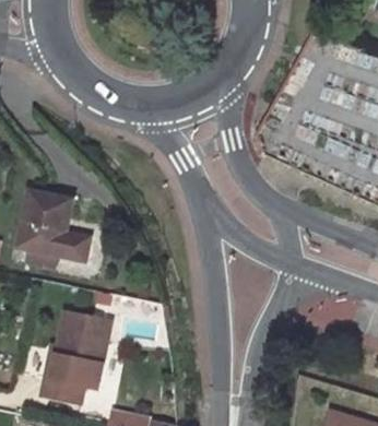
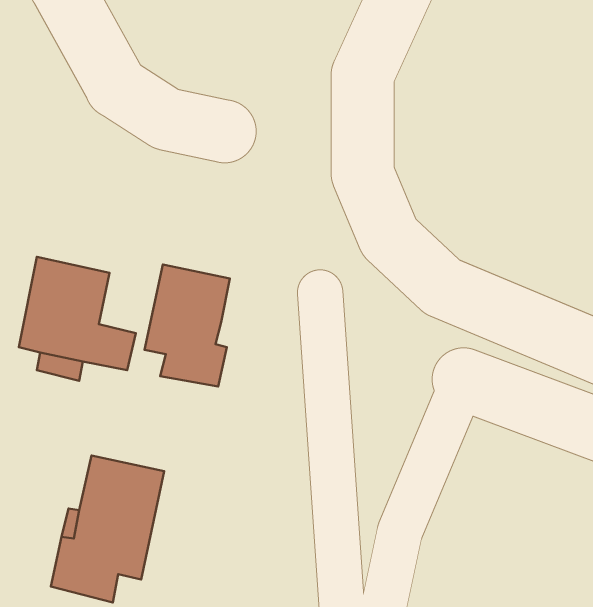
building: none -> [144,265,230,386]

